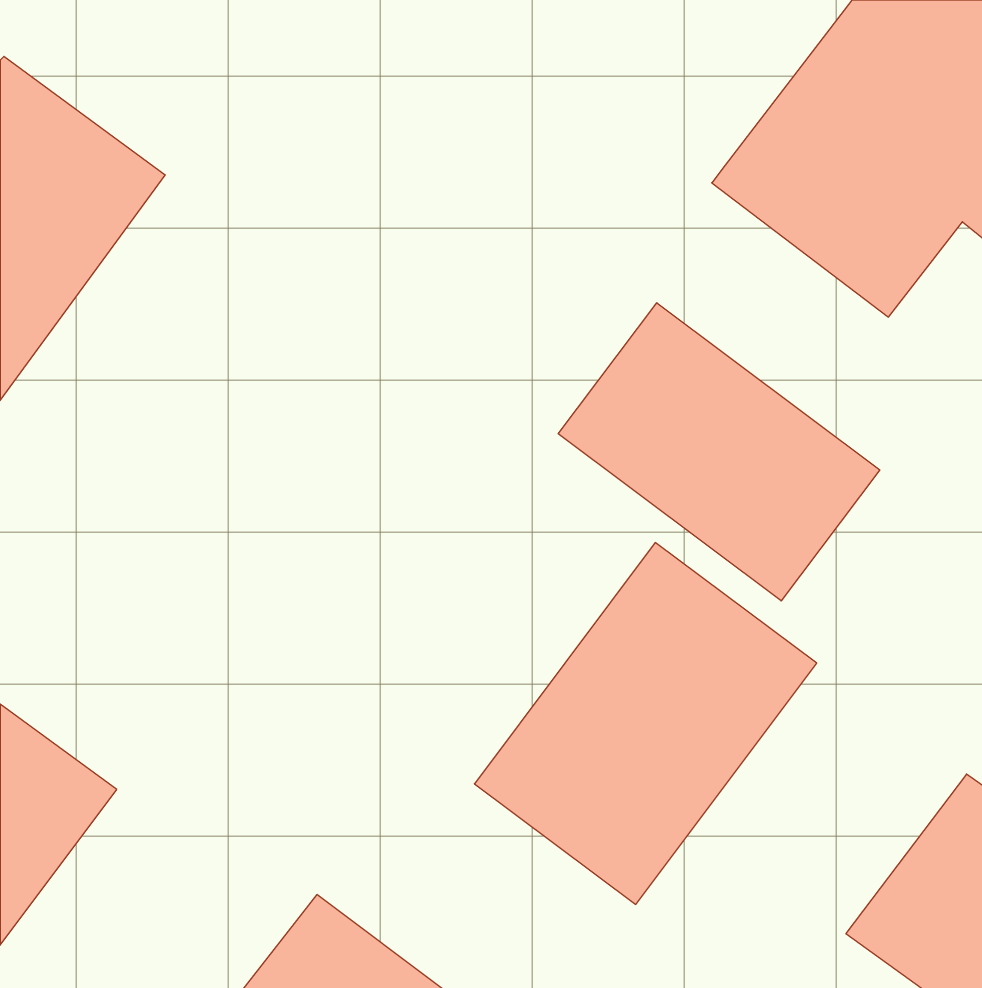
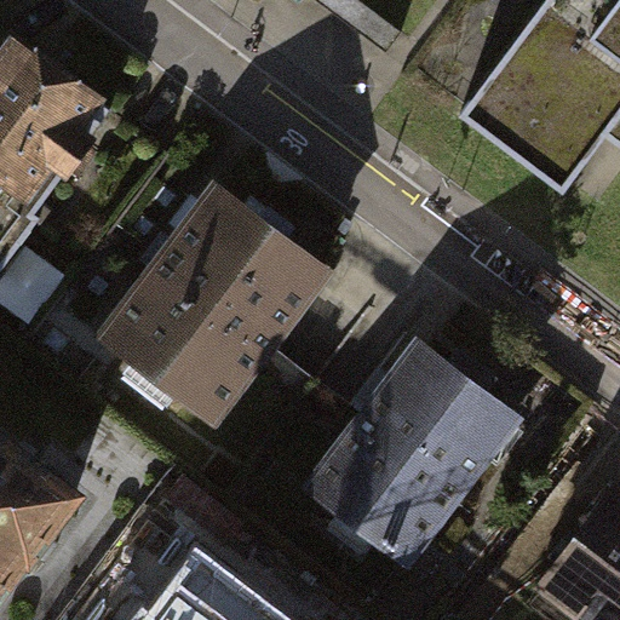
building: none -> [102,190,326,421]
building: [558,303,880,601] -> none

